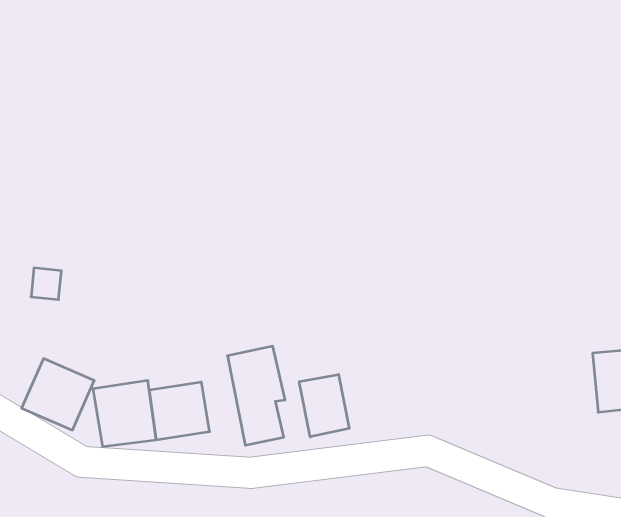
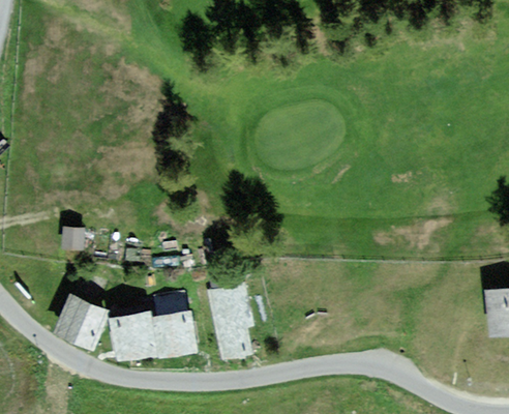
building: [299,374,349,437] -> none

